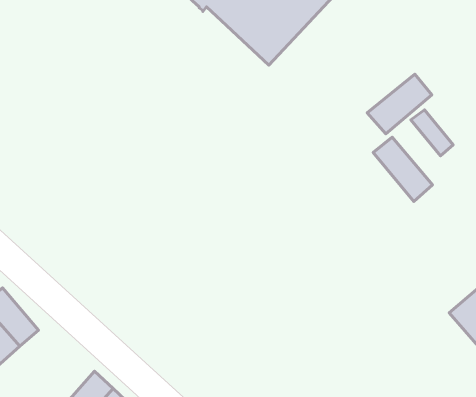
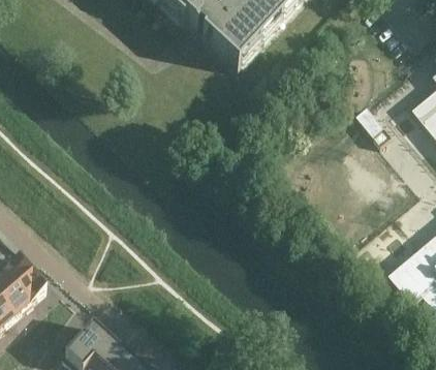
building: [367,74,432,134] -> none
building: [373,137,433,202] -> none

